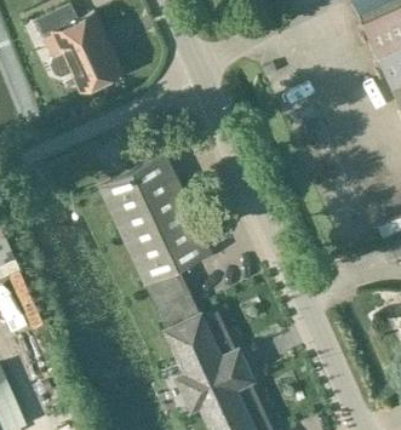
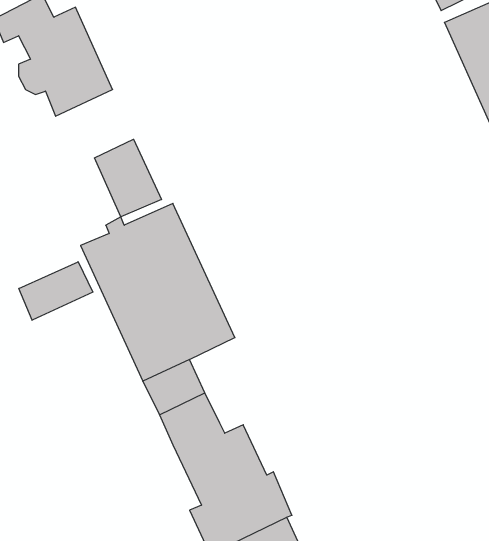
building: none -> [95,139,161,217]
building: none -> [19,262,93,320]

